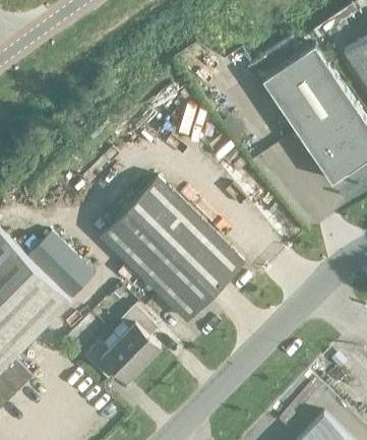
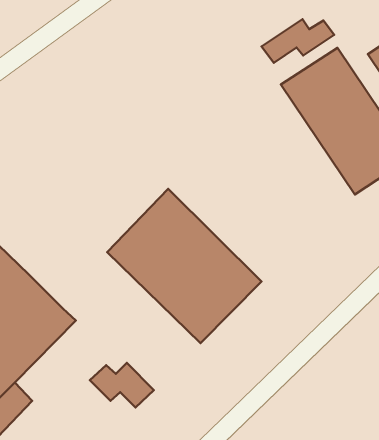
building: none -> [262,19,334,63]
building: [27,234,85,291] -> none
building: [119,307,161,367] -> none

